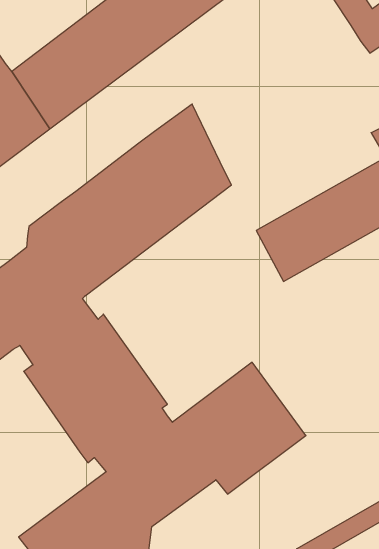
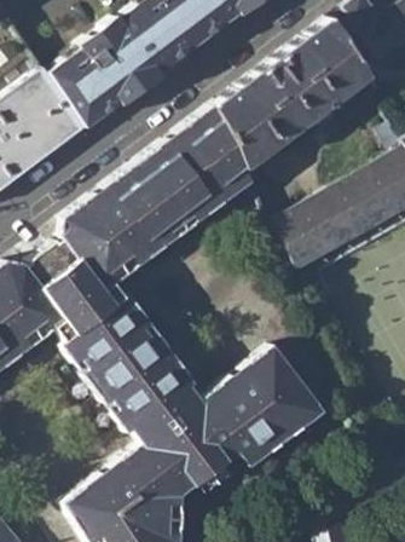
building: none -> [216,19,368,168]

